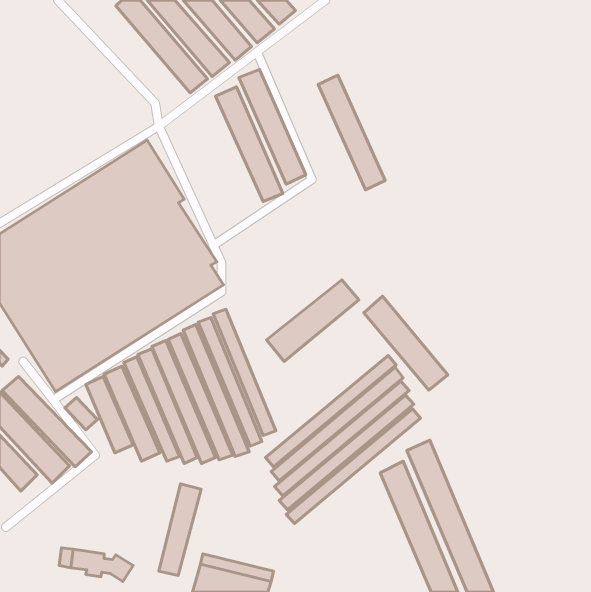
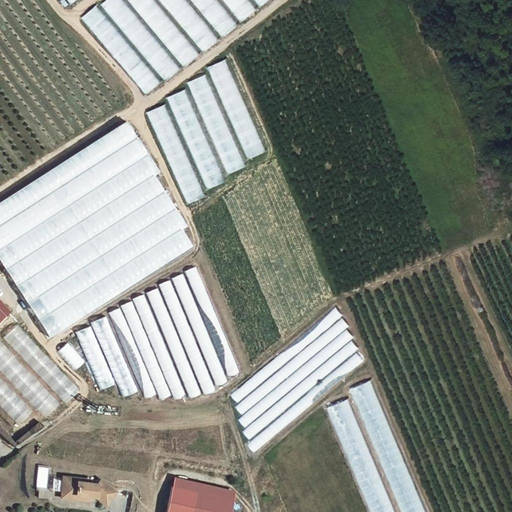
building: none -> [81,6,159,94]
building: [318,75,385,190] -> [166,91,224,190]
building: none -> [145,105,203,204]
building: [266,280,359,362] -> none
building: [364,296,448,390] -> none
building: [159,484,201,576] -> none

